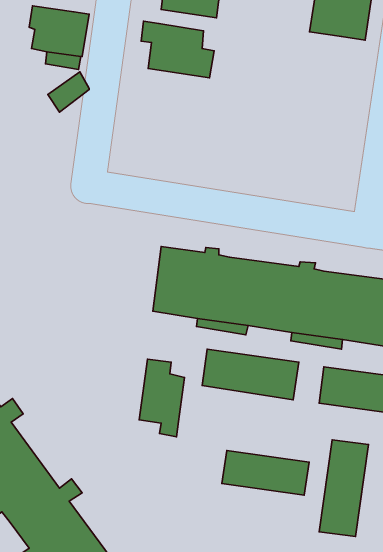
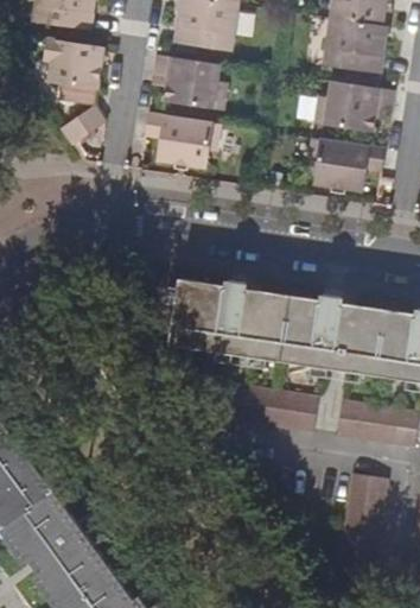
building: none -> [311,78,392,132]
building: none -> [146,110,223,166]
building: none -> [311,137,382,191]
building: [139,359,185,437] -> none
building: [222,451,309,495] -> none

